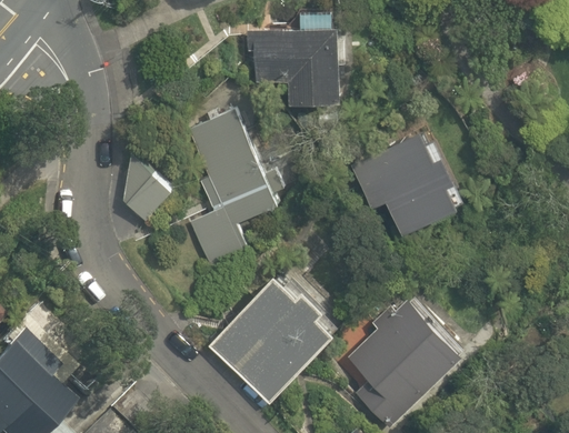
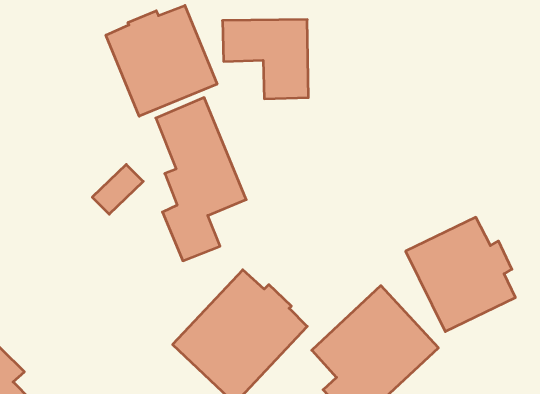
building: none -> [106,5,217,116]
building: [352,131,460,243] -> [406,217,515,332]

